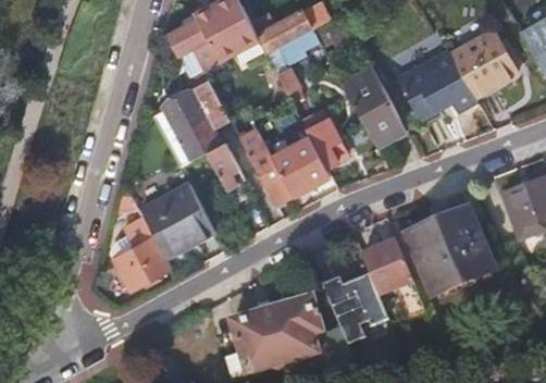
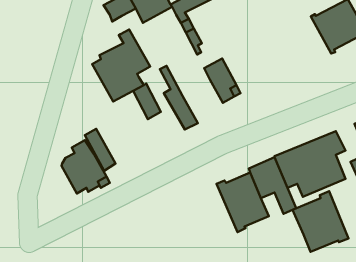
building: [400,51,473,116] -> none
building: [344,67,408,146] -> none
building: [273,136,331,195] -> none
building: [157,184,215,249] -> none
building: none -> [292,191,349,252]
building: [233,298,322,373] -> none

